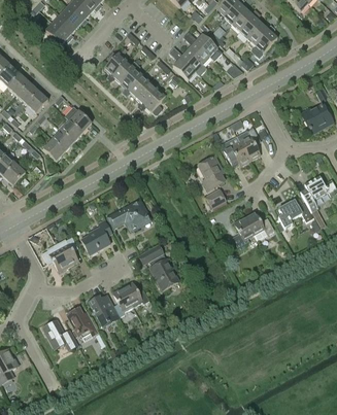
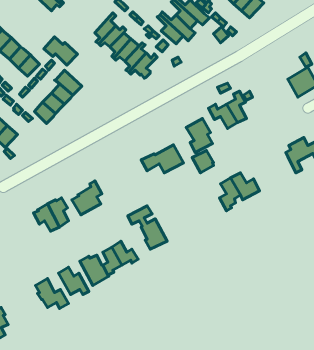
building: none -> [44,37,77,65]
building: [277,199,311,227] -> none
building: [106,200,149,229] -> [141,145,183,173]

